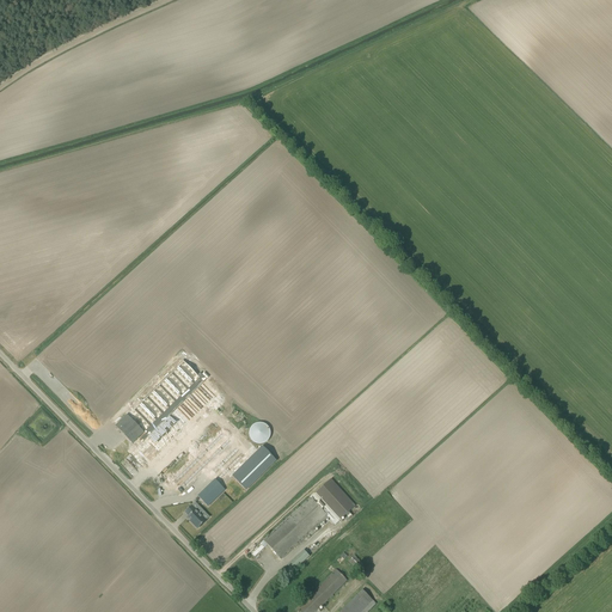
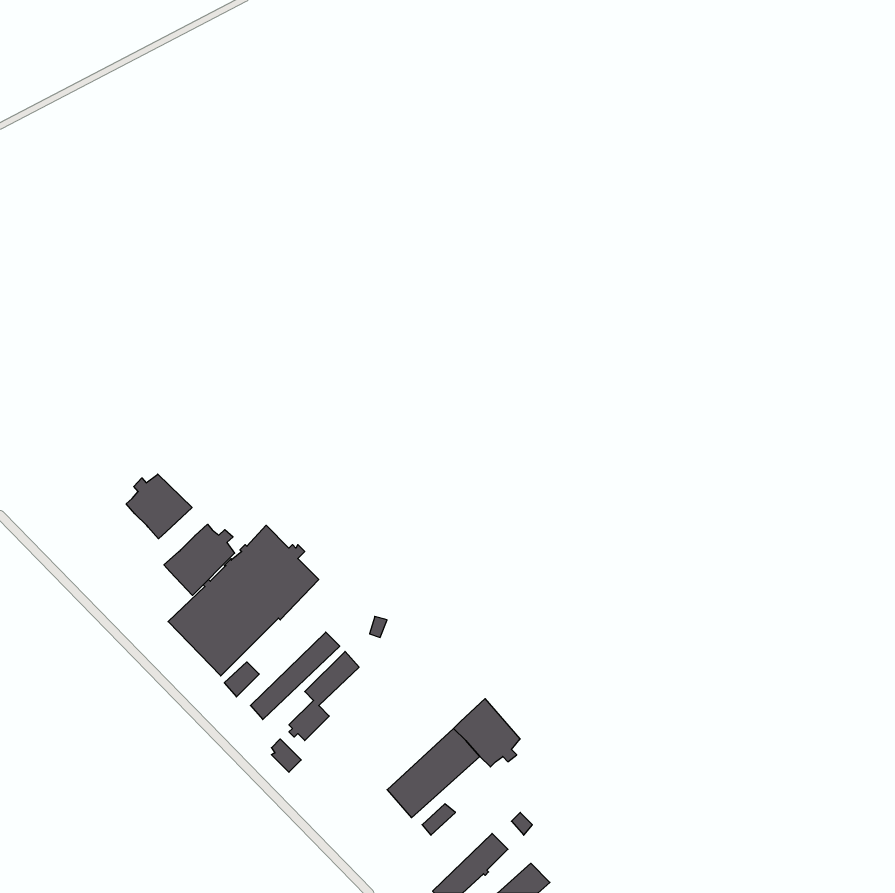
building: none -> [126,474,192,539]
building: none -> [164,524,235,595]
building: [232,446,276,489] -> none

